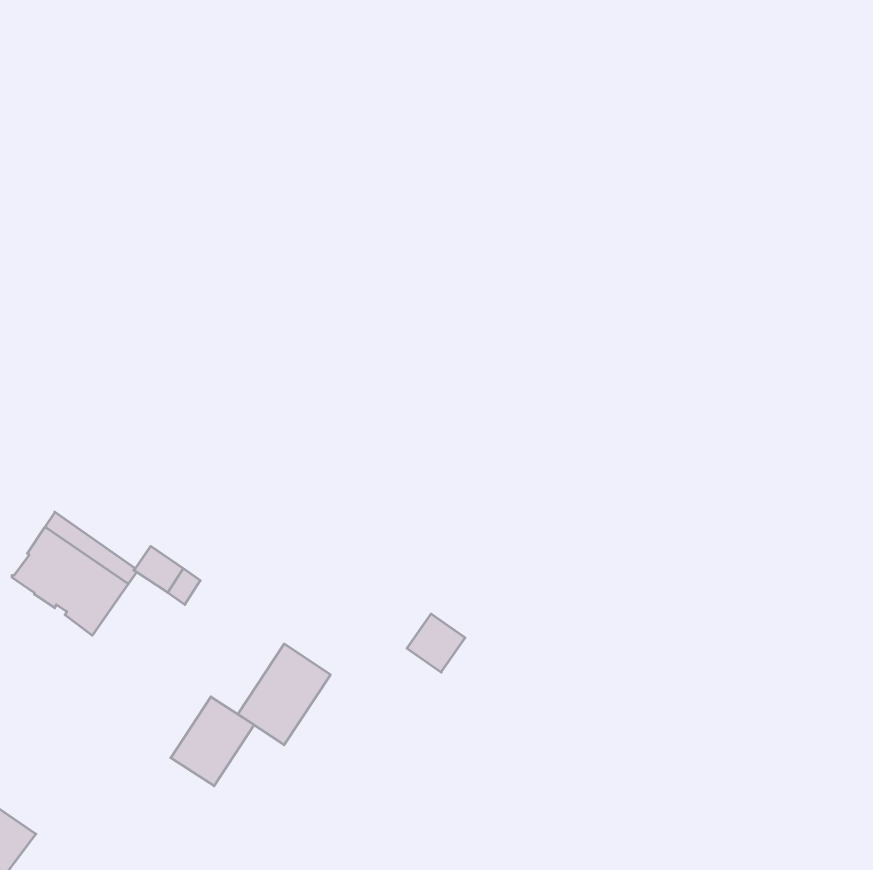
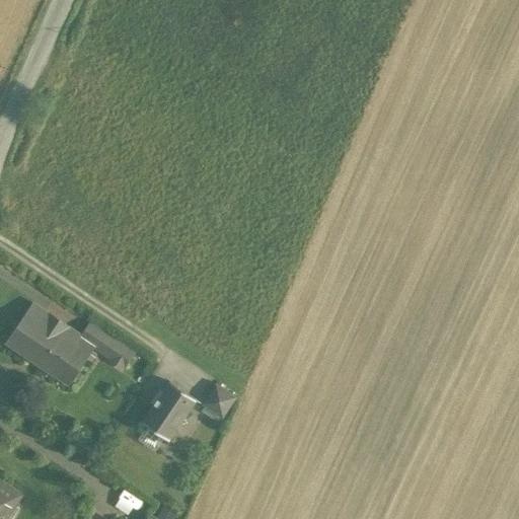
building: [407,614,465,672] -> [201,386,235,421]
building: [171,697,254,786] -> none

